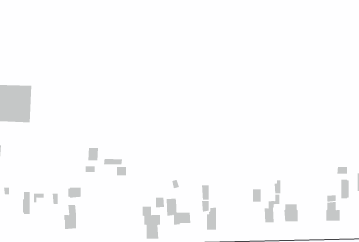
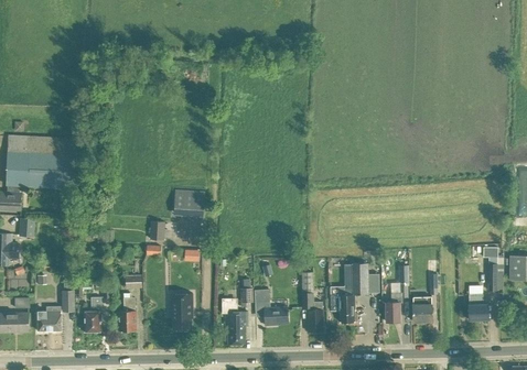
building: none -> [178,187,208,214]
building: none -> [330,262,367,322]
building: none -> [170,293,192,329]
building: none -> [84,296,100,330]
building: none -> [36,306,61,330]

